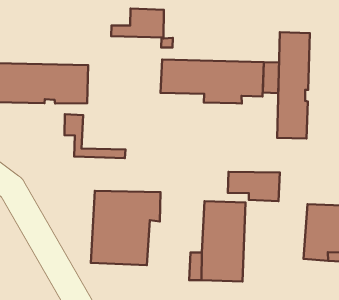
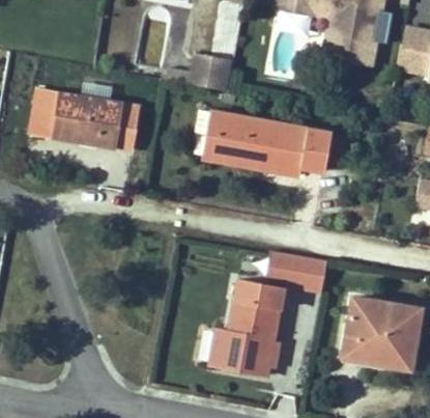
building: [277,32,310,138] -> none
building: [64,114,125,158] -> [196,110,260,168]
building: [91,191,160,265] -> none

